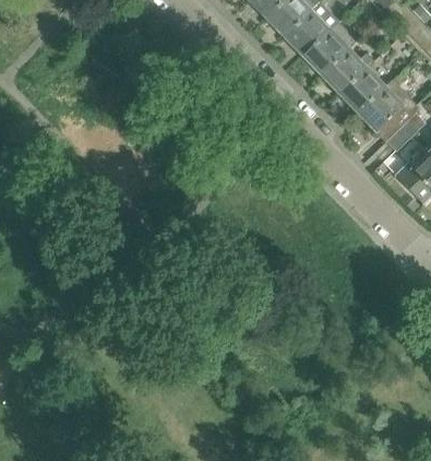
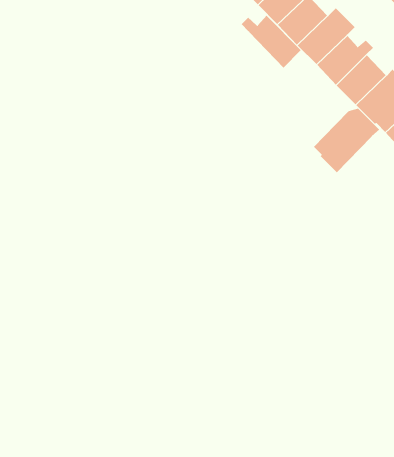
building: none -> [241,15,301,68]
building: none -> [313,108,380,173]

